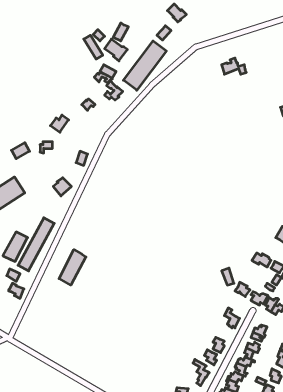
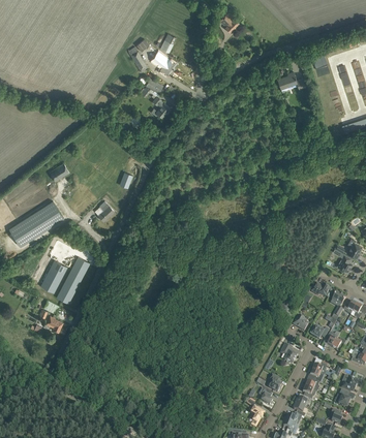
building: [123,41,166,90] -> none
building: [59,250,86,285] -> none

